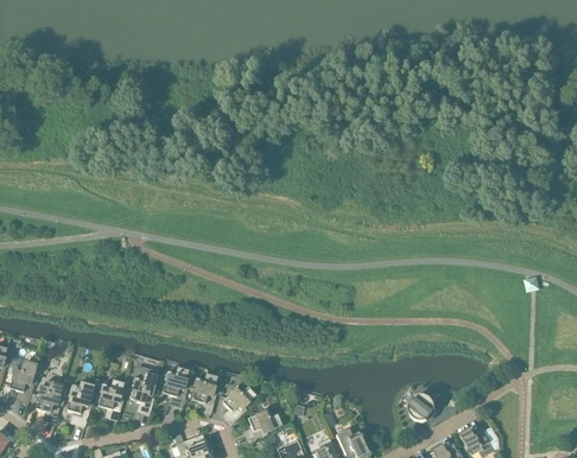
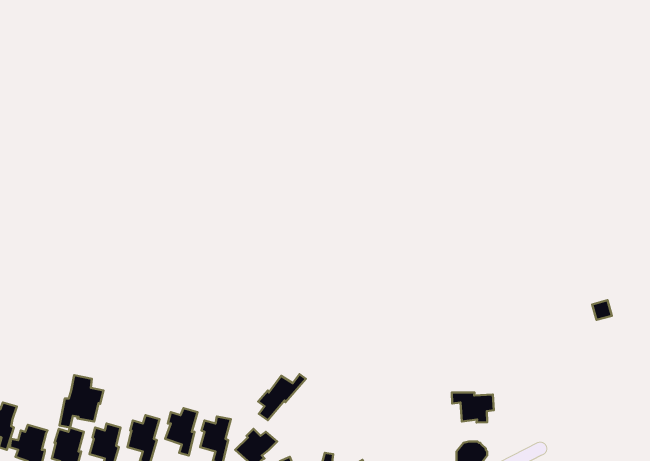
building: none -> [258,374,306,420]
building: none -> [59,375,103,428]
building: none -> [452,392,494,422]

